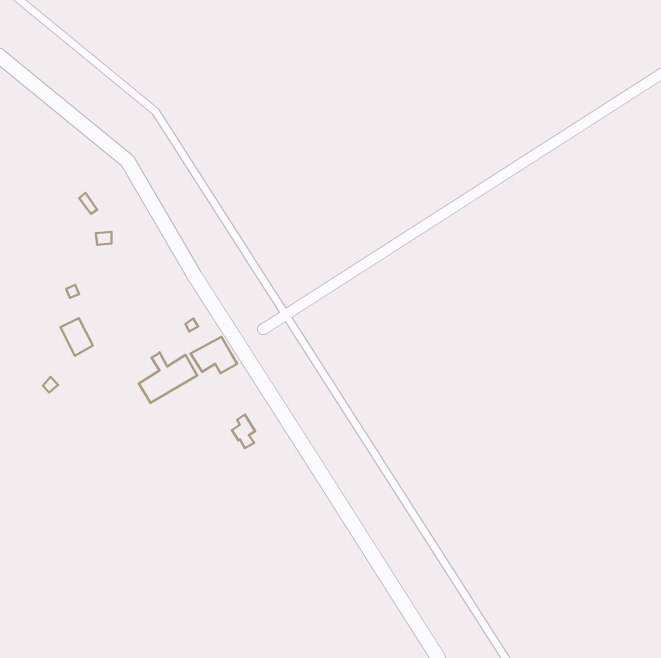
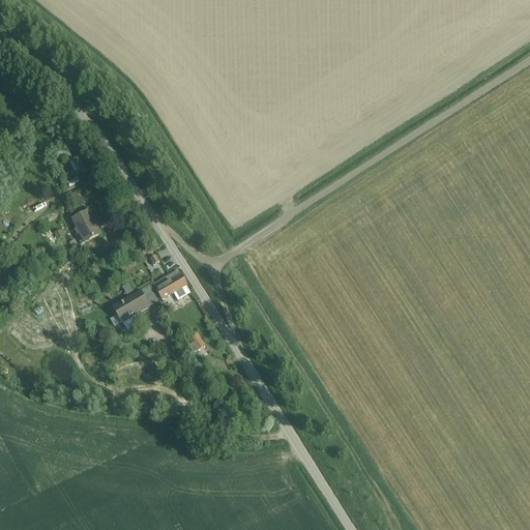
building: [61,318,93,356] -> [72,211,98,241]

